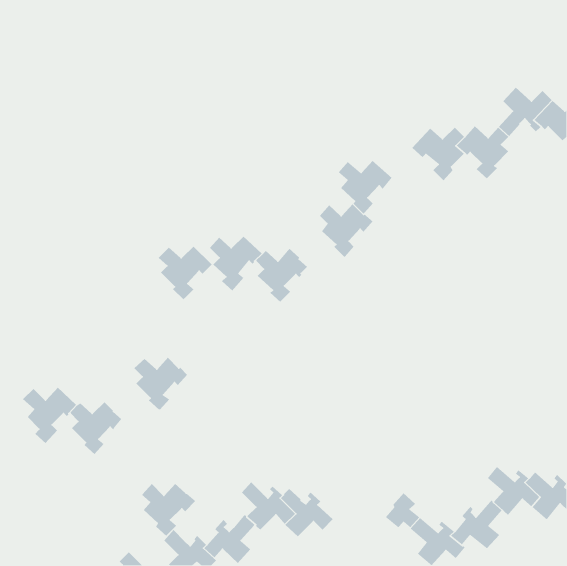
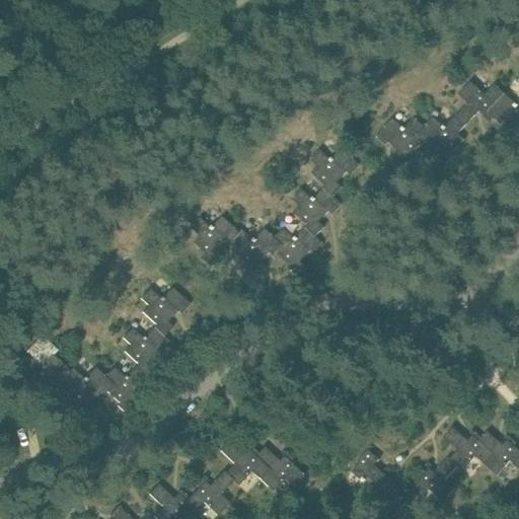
building: [158,246,212,300] -> [140,286,190,336]
building: none -> [273,225,322,275]
building: [141,483,196,537] -> [103,365,154,414]

